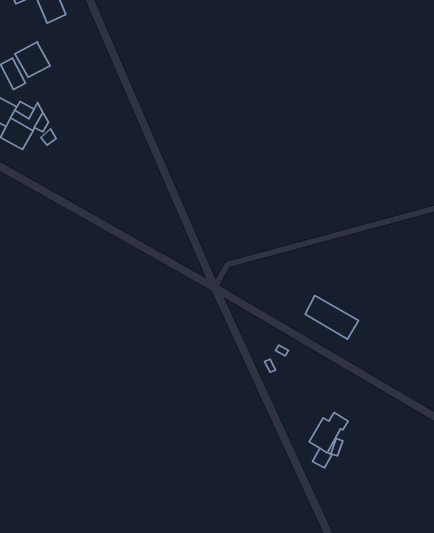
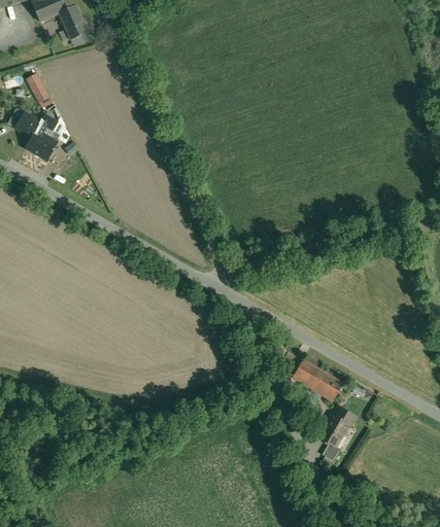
building: [15,42,50,77] -> none
building: [305,296,358,339] -> [293,359,343,400]

